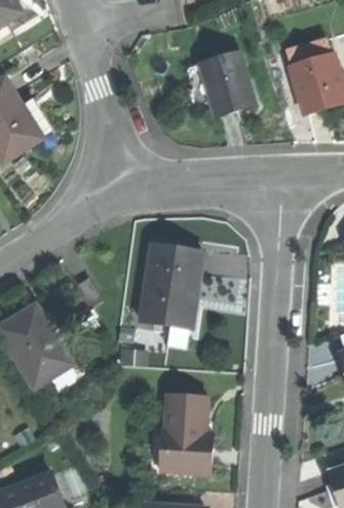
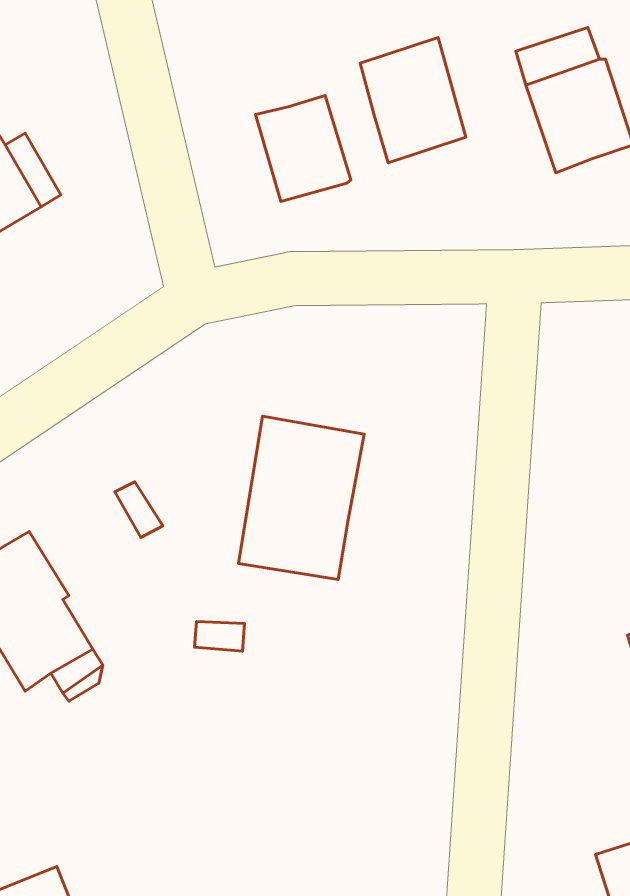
building: none -> [255,96,351,202]
building: [159,391,213,468] -> none

